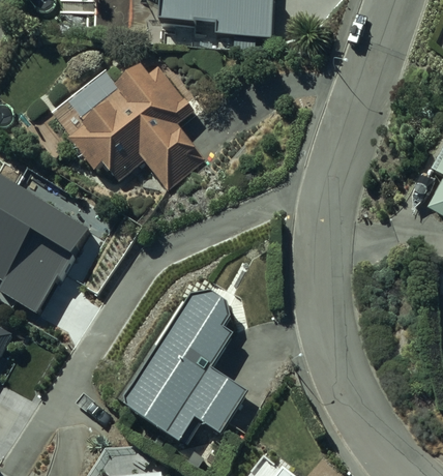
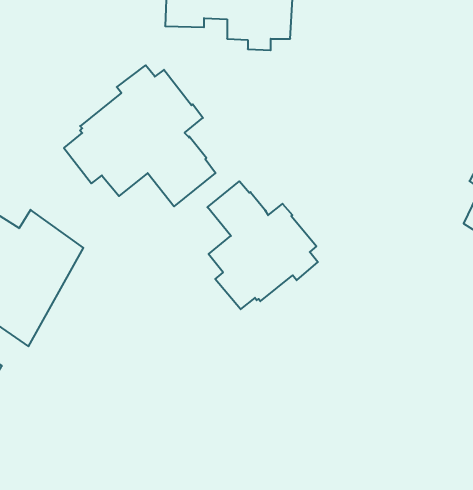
building: none -> [207,181,318,309]
building: [124,287,246,440] -> none

